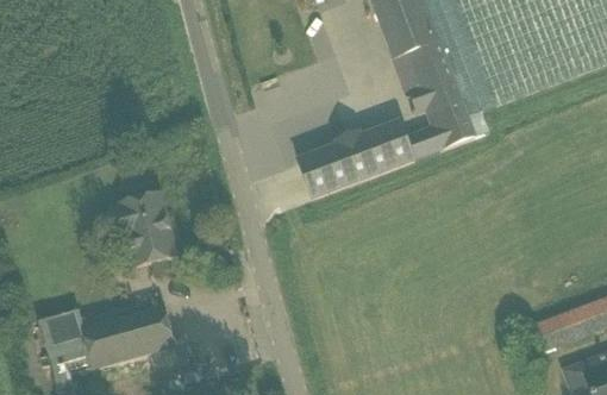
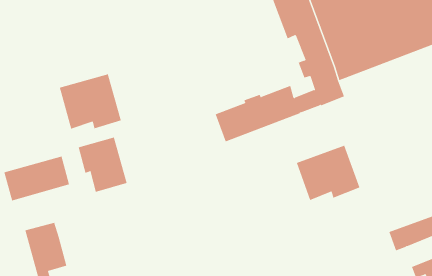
building: none -> [59,73,122,129]
building: none -> [296,145,360,201]
building: [85,306,175,368] -> [4,156,70,201]

